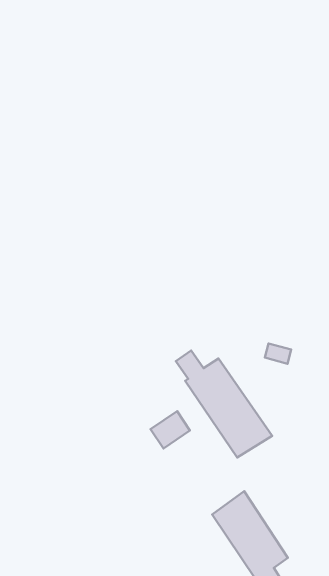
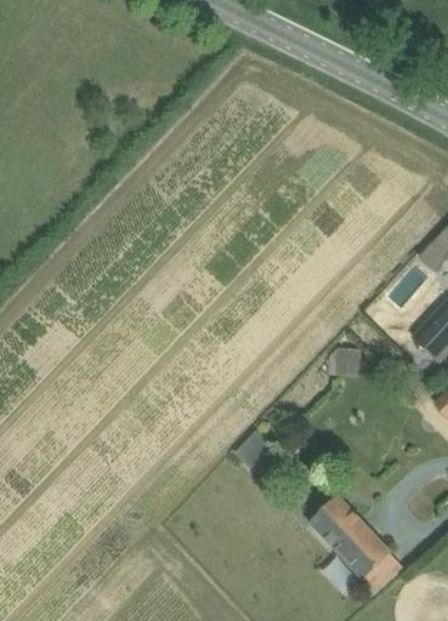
building: [176,350,272,458] -> none

